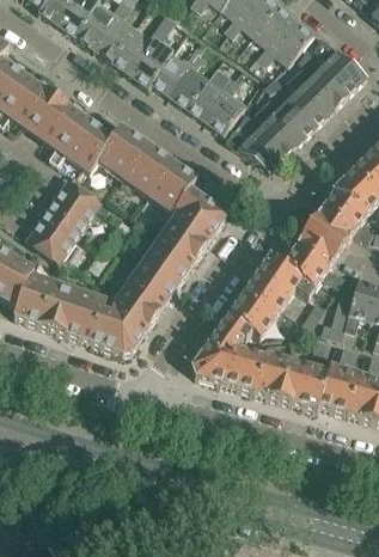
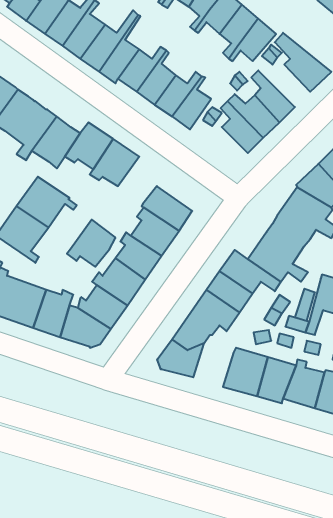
building: [293,65,346,109] -> none
building: [225,127,282,169] -> none
building: [147,159,196,207] -> [67,220,115,267]
building: [227,348,268,392] -> none

